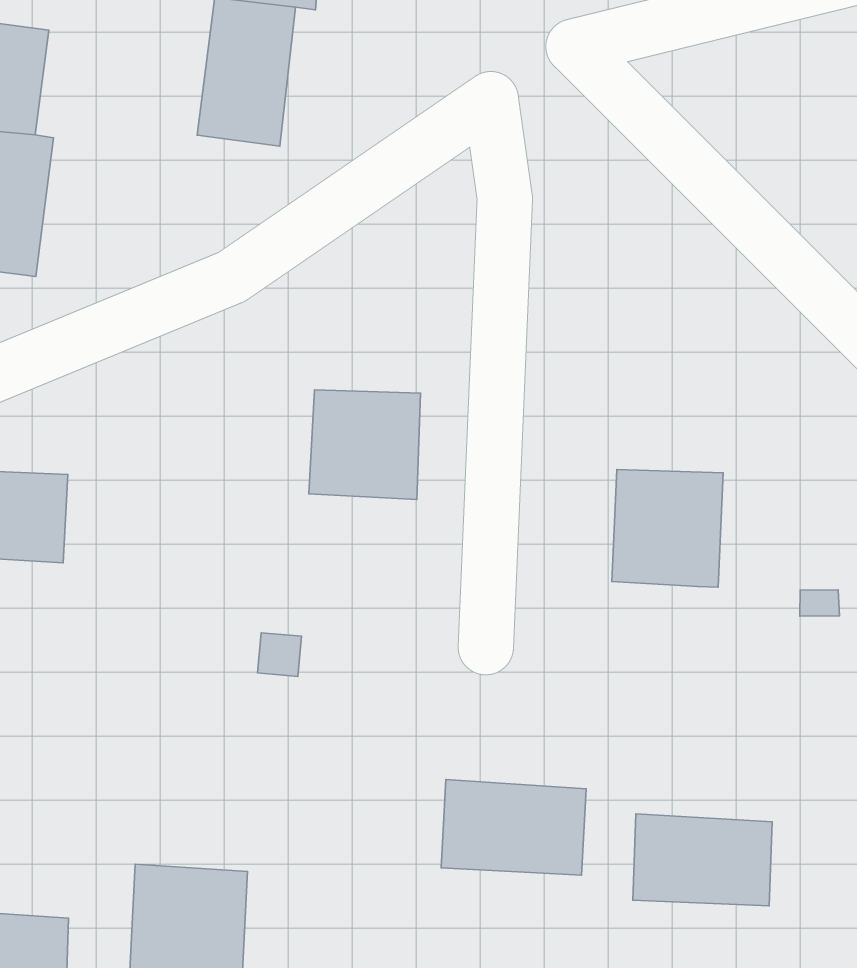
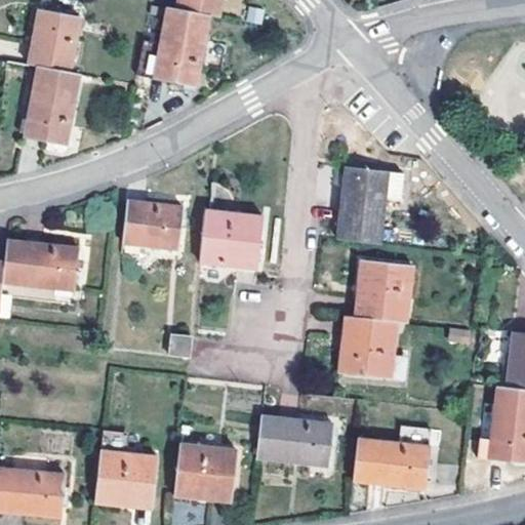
building: none -> [336,169,404,244]
building: none -> [122,200,181,250]
building: none -> [338,316,397,378]
building: none -> [172,442,235,501]

